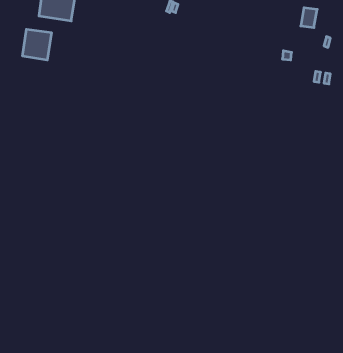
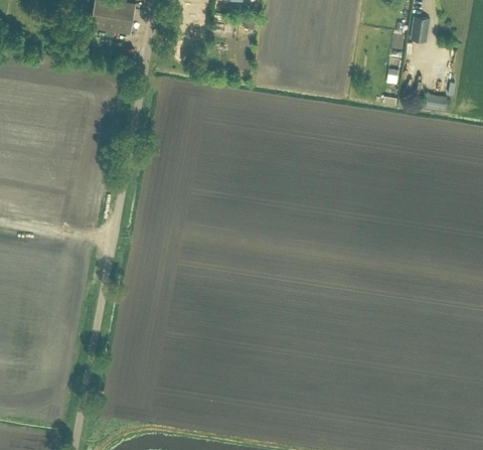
building: [23,29,51,60] -> none

